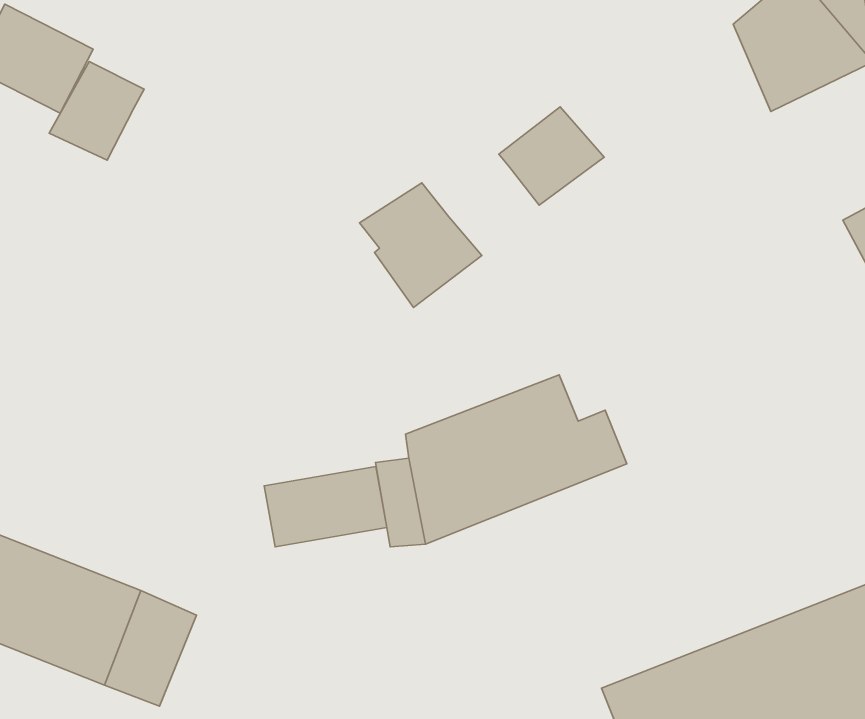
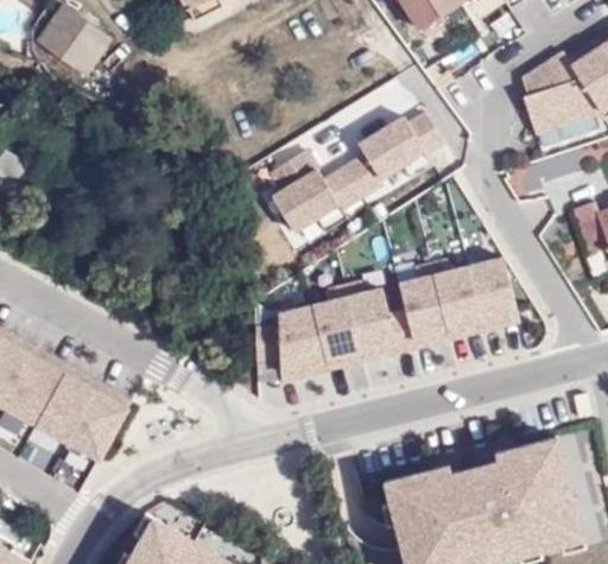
building: [49,61,144,160] -> none
building: none -> [325,148,387,205]
building: none -> [400,255,520,346]
building: [264,467,387,547] -> none

